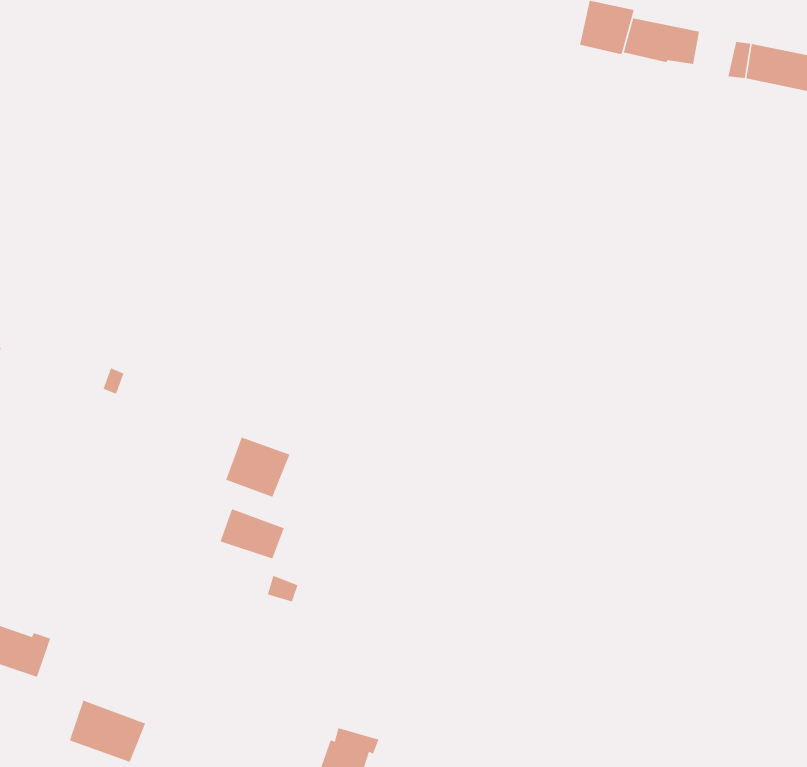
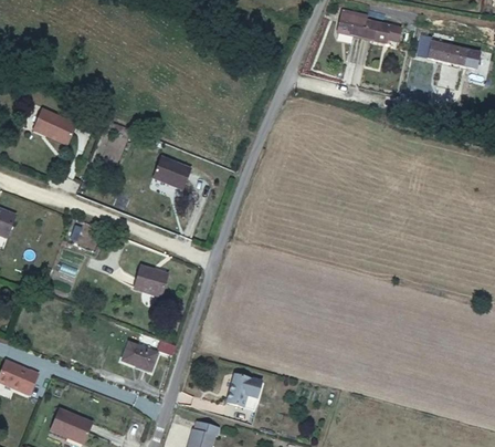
building: none -> [29,106,70,139]
building: none -> [150,152,191,187]
building: [220,508,285,560] -> [122,339,158,367]
building: none -> [230,374,265,406]

